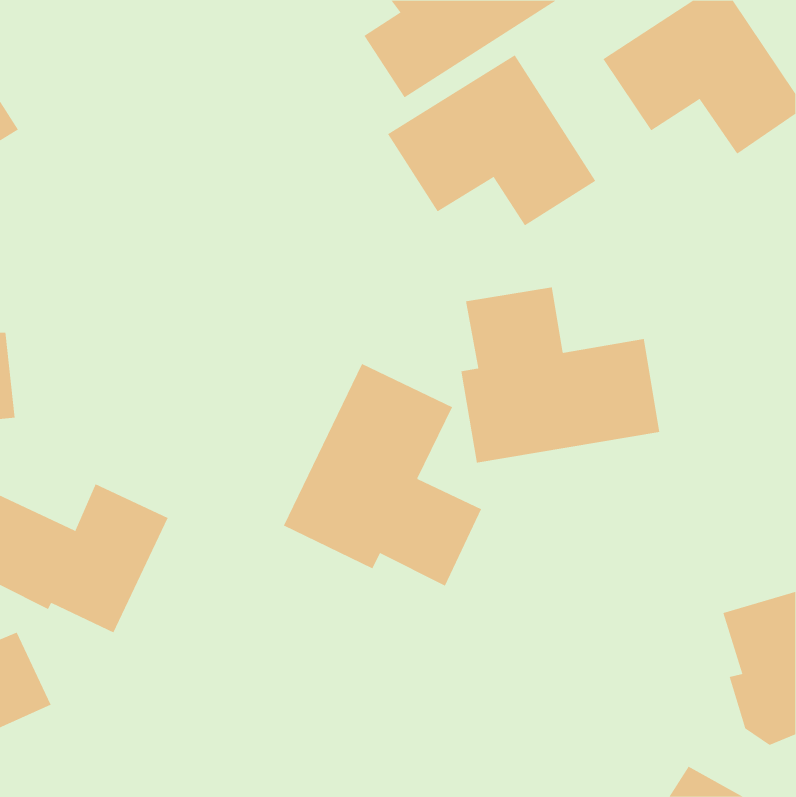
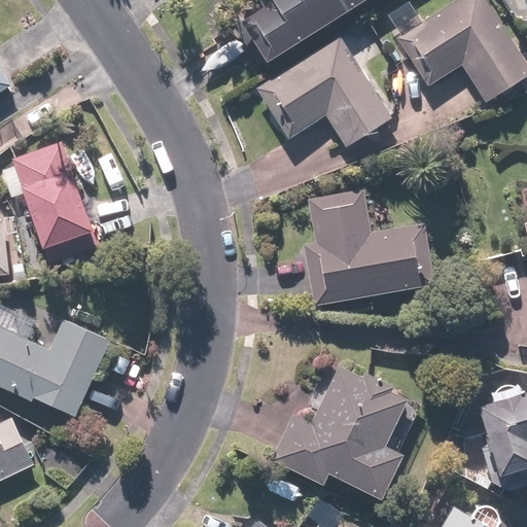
building: none -> [11,141,95,266]
building: [283,363,482,586] -> none
building: none -> [270,365,409,499]

